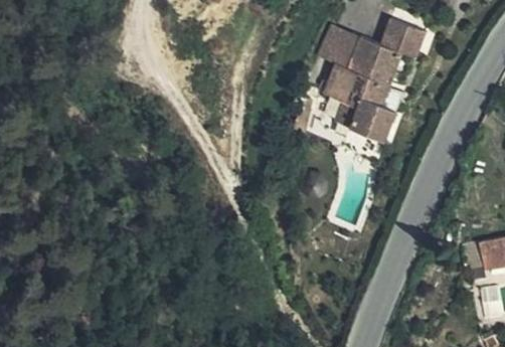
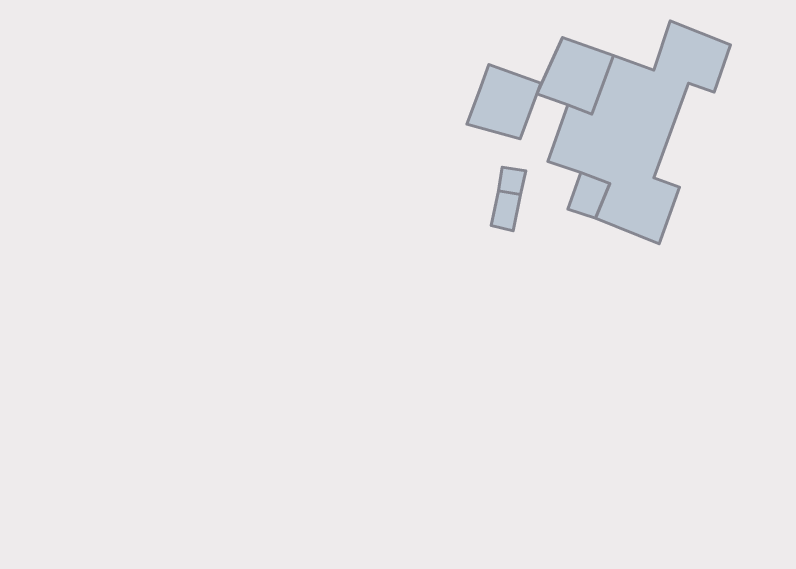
building: none -> [467,64,541,139]

